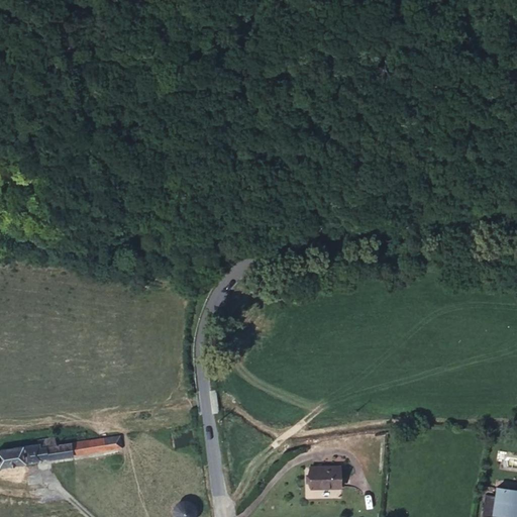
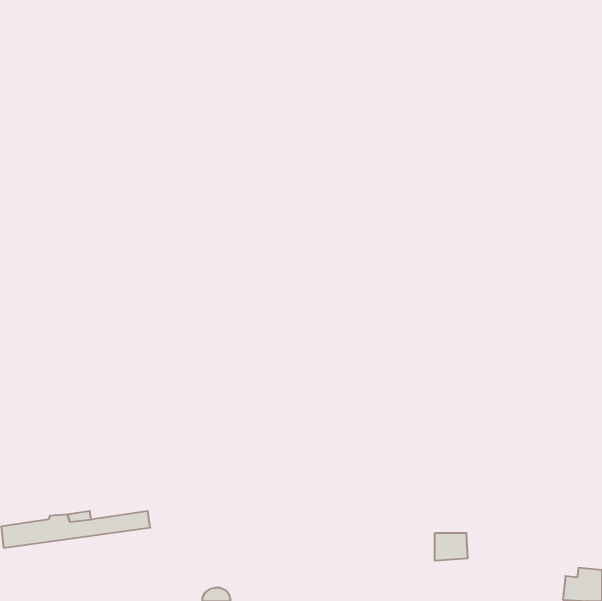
building: [312,467,340,490] -> [435,533,468,560]

